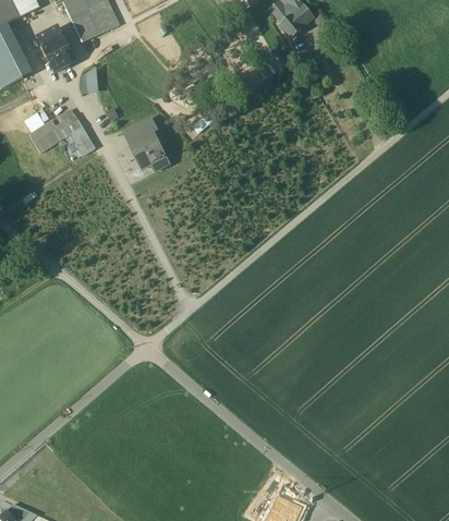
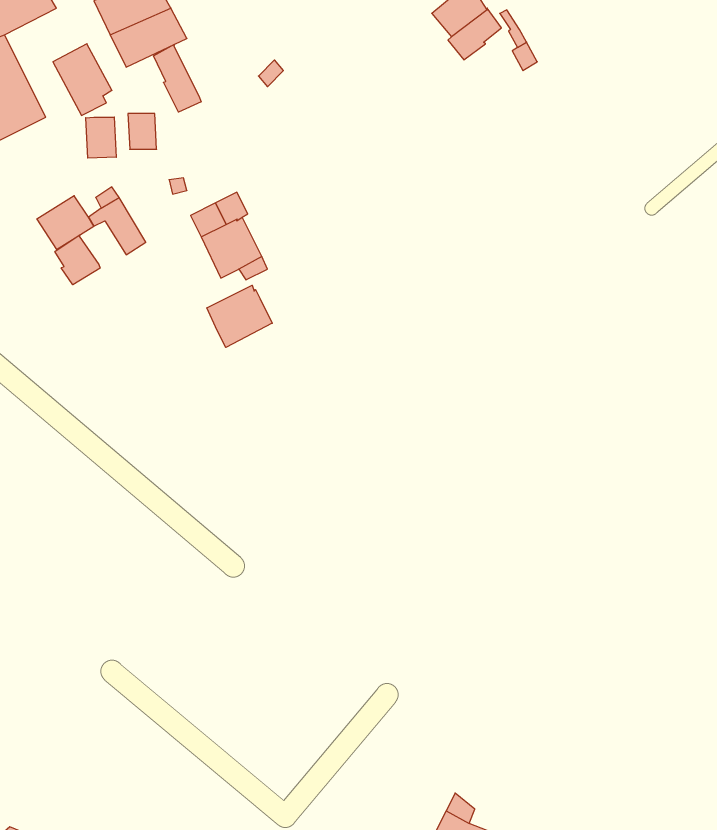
building: none -> [154,44,201,112]
building: none -> [86,117,116,158]
building: none -> [55,235,100,285]
building: none -> [207,285,272,347]

